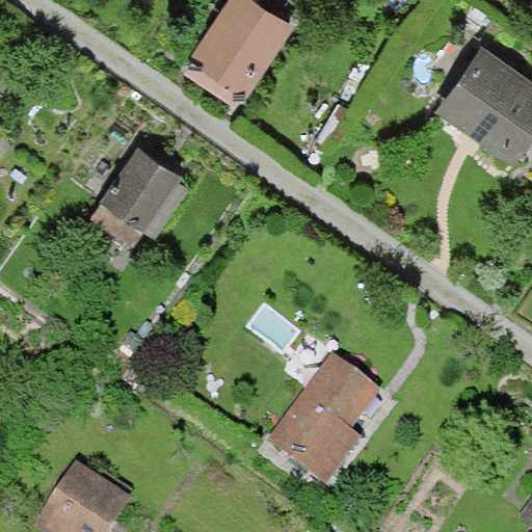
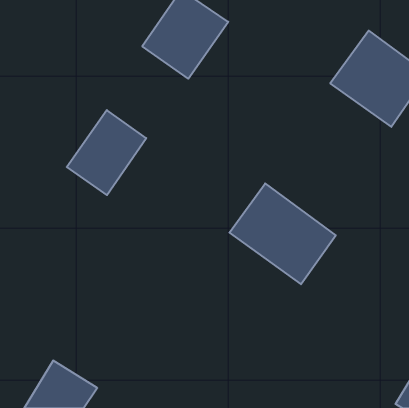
building: none -> [229,183,336,284]
building: [267,362,373,487] -> none

